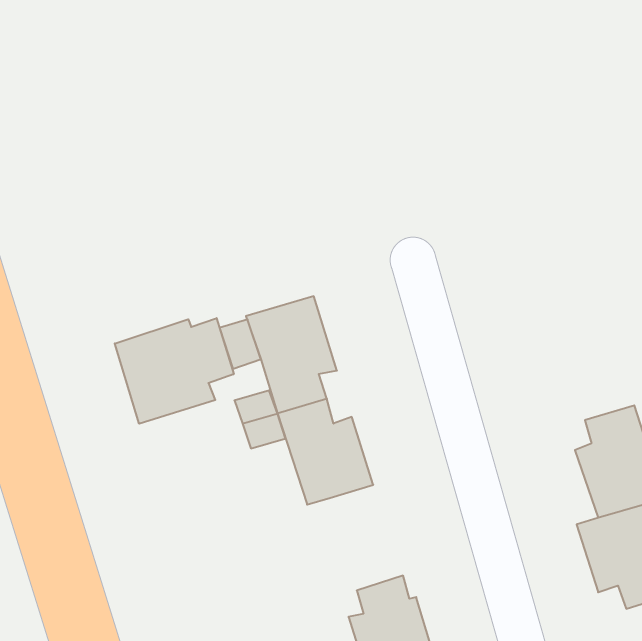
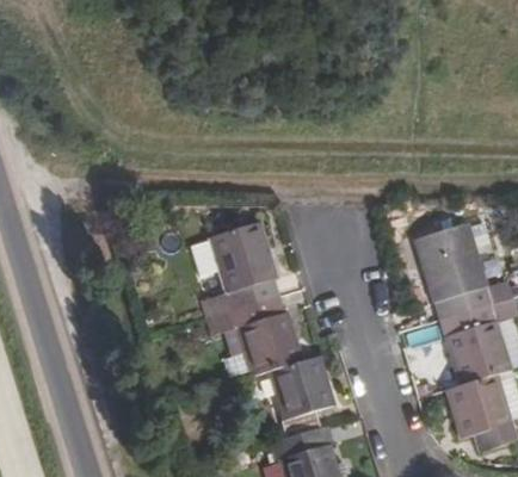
building: none -> [417,223,489,314]
building: [115,318,234,424] -> none
building: none -> [270,354,334,436]

